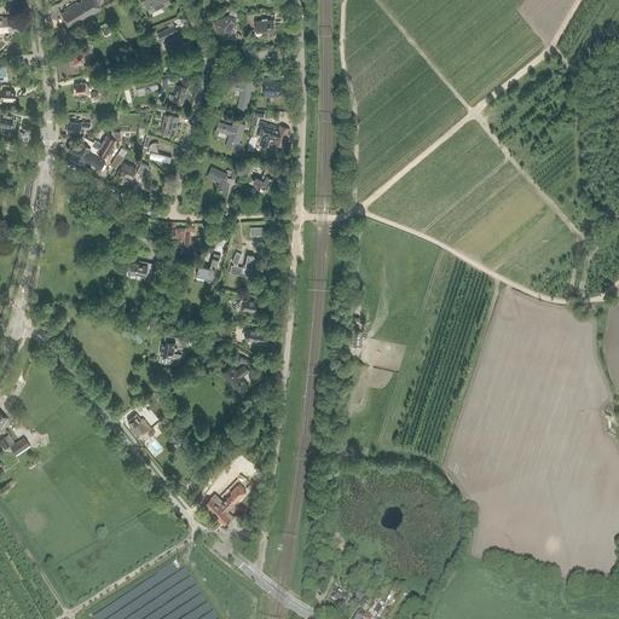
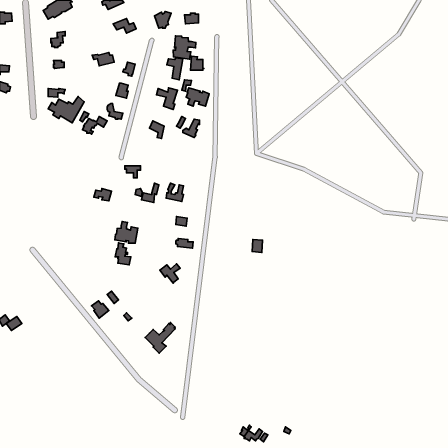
building: none -> [173,36,196,59]
building: none -> [115,222,138,243]
building: [203,484,244,526] -> [145,323,175,353]

